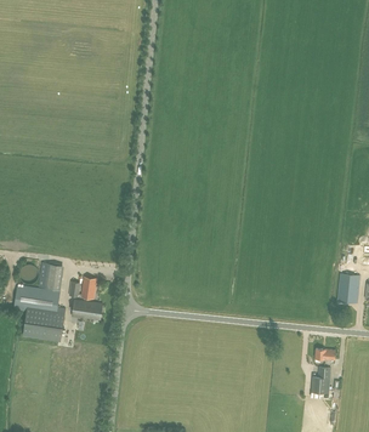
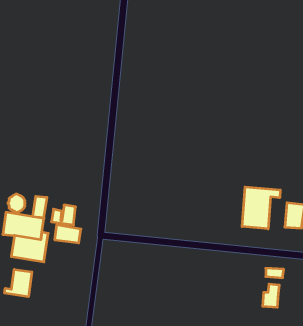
building: none -> [242,187,280,229]
building: none -> [5,269,32,297]

